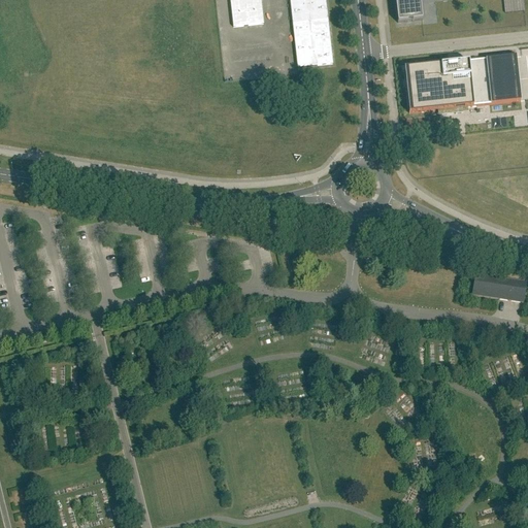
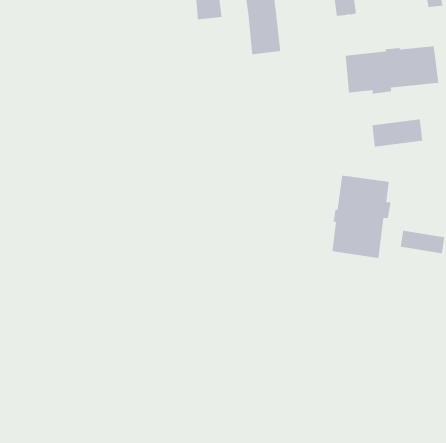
building: none -> [371,119,423,147]
building: none -> [332,172,391,260]

